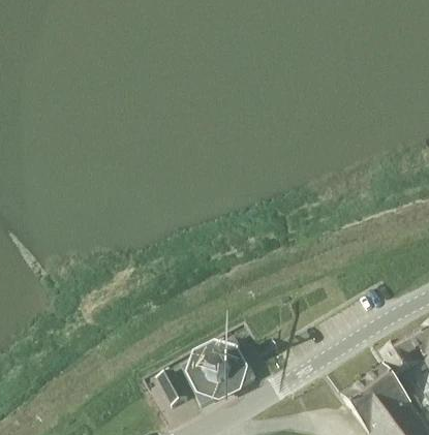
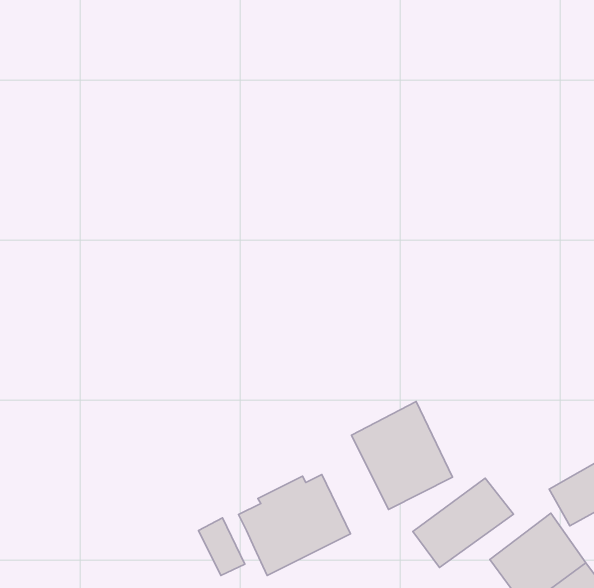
building: none -> [351,401,453,509]
building: none -> [413,478,513,567]

